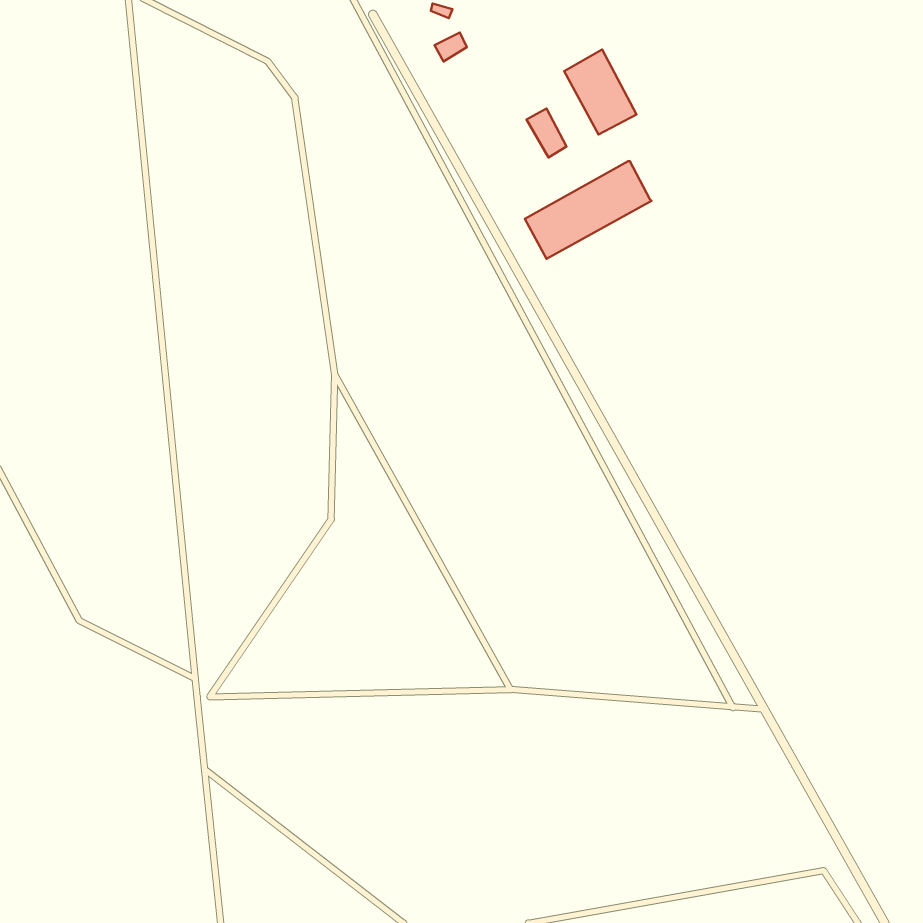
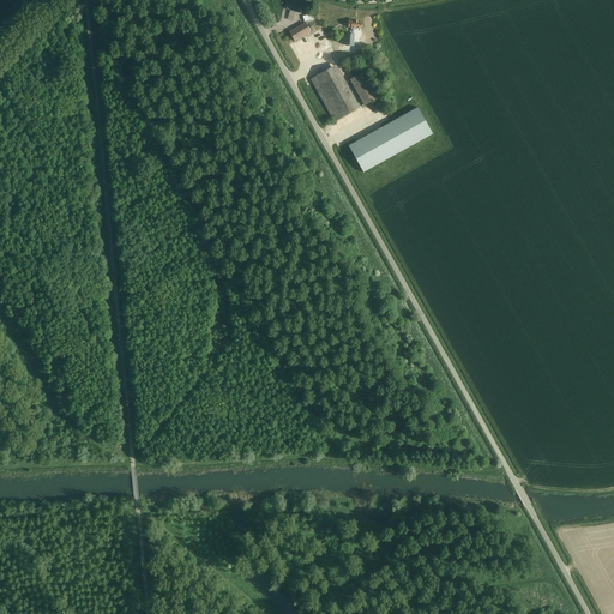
building: [564,49,636,135] -> [311,64,359,120]

